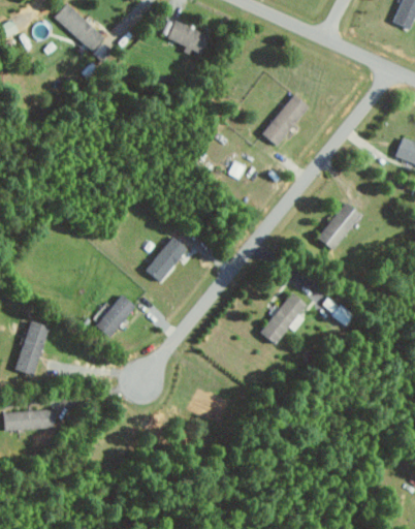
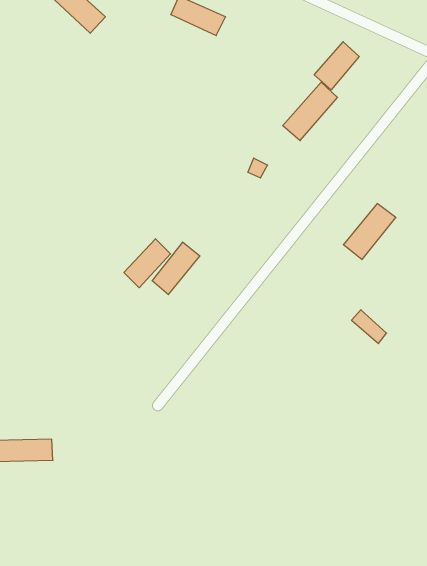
building: none -> [314,42,359,90]
building: [260,292,308,343] -> none
building: [95,293,136,337] -> [124,239,171,288]
building: [17,320,49,375] -> none

